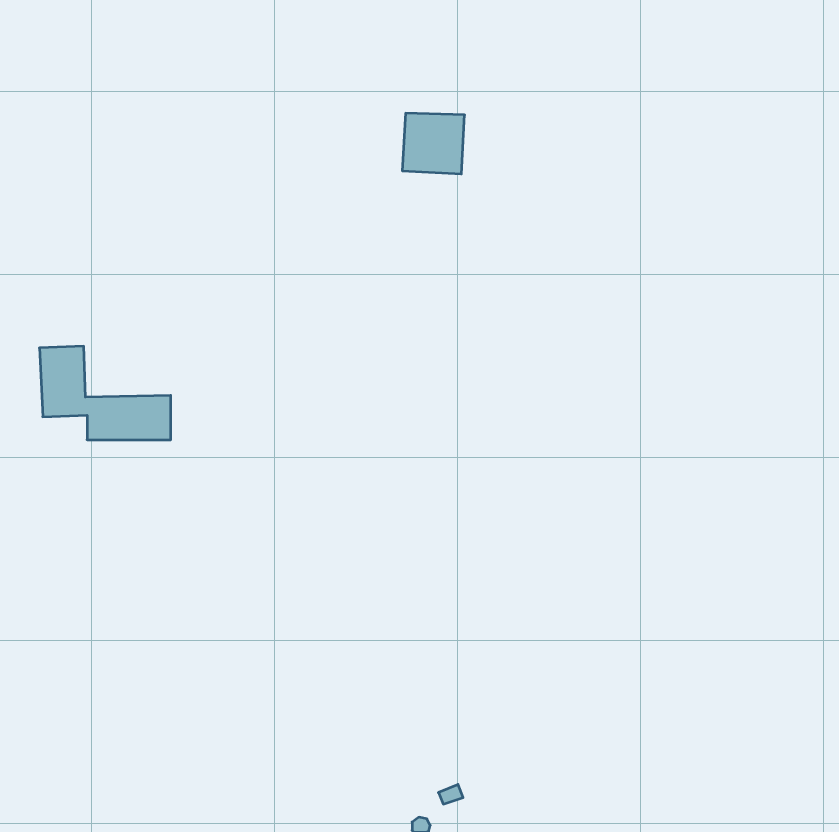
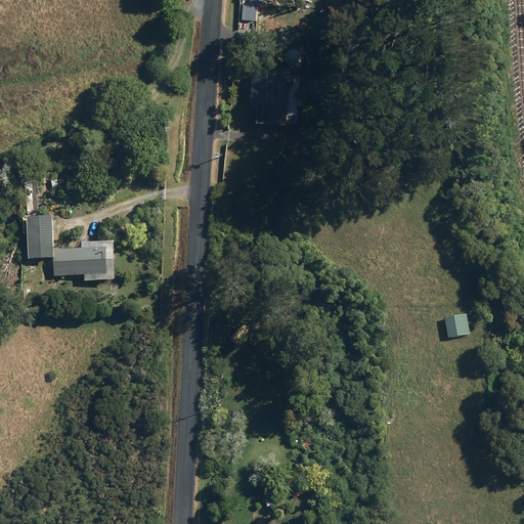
building: none -> [445,311,469,337]

